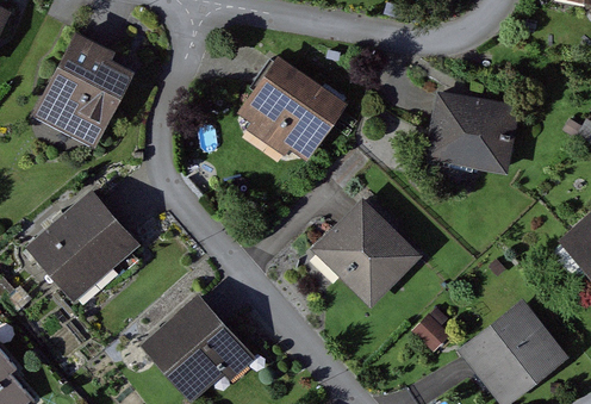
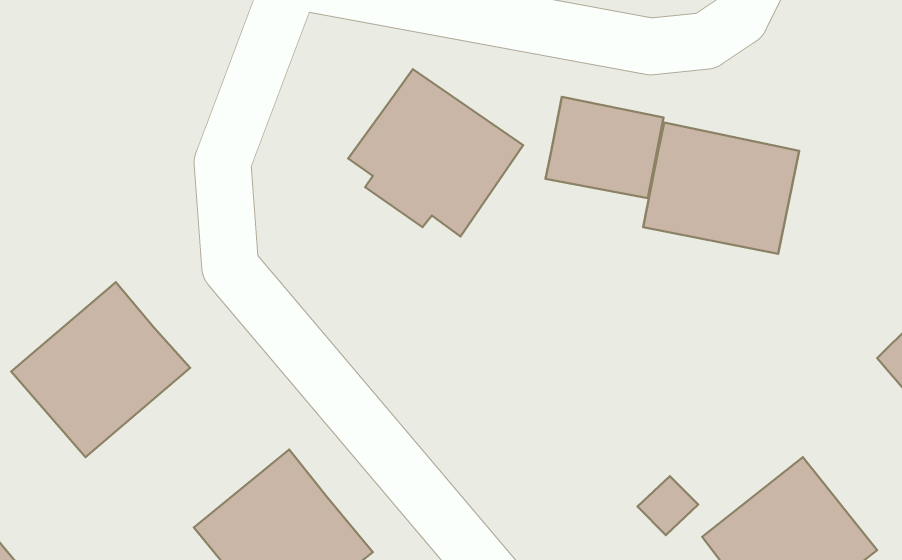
building: [31,32,132,147] -> none
building: none -> [546,97,664,198]
building: [315,195,423,304] -> none

